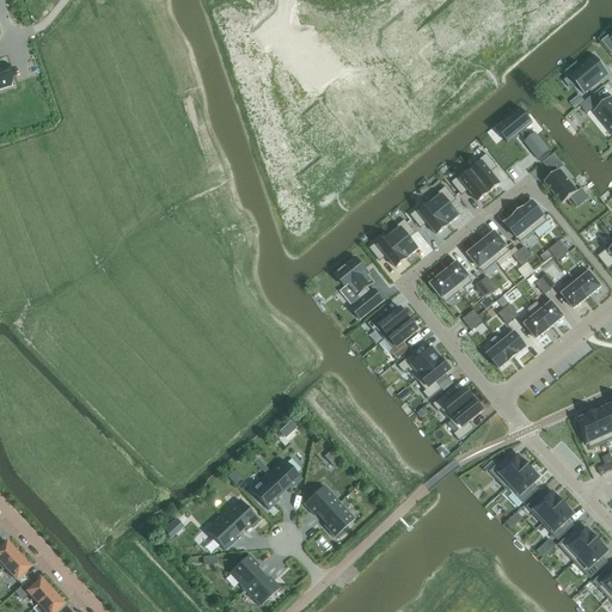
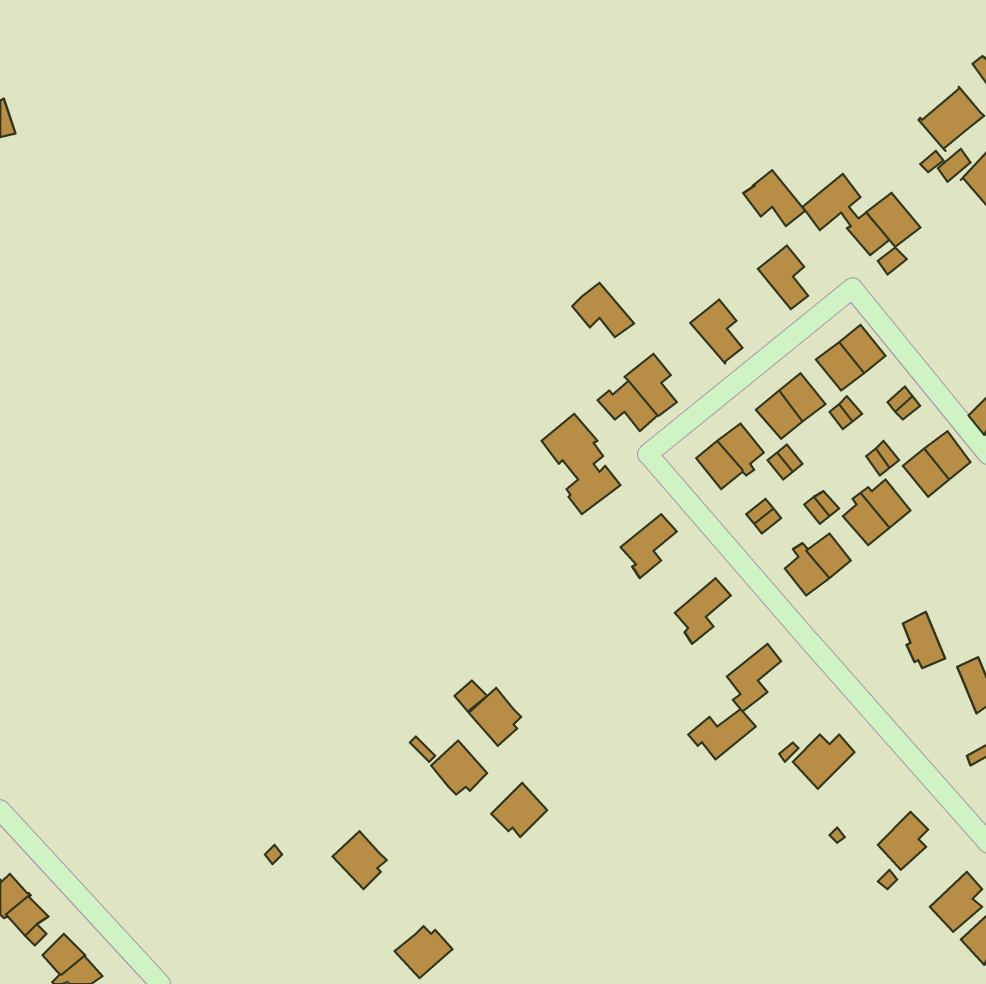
building: [452,166,490,201] -> [743,170,805,226]
building: [545,169,579,202] -> [866,193,920,247]
building: [411,200,449,233] -> [572,283,634,337]
building: [369,307,410,338] -> none
building: [399,347,443,379] -> none
building: [434,387,476,418] -> [688,709,756,760]
building: [579,412,605,447] -> [903,612,945,668]
building: [509,465,540,502] -> none
building: [251,473,283,509] -> [469,688,521,746]
building: [528,491,564,522] -> none
building: [224,498,258,532] -> none
building: [323,501,355,537] -> none
building: [559,527,599,561] -> none
building: [230,553,263,588] -> none

